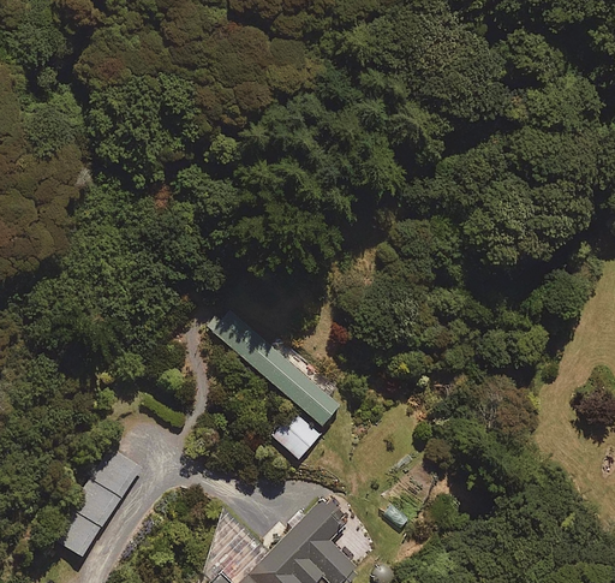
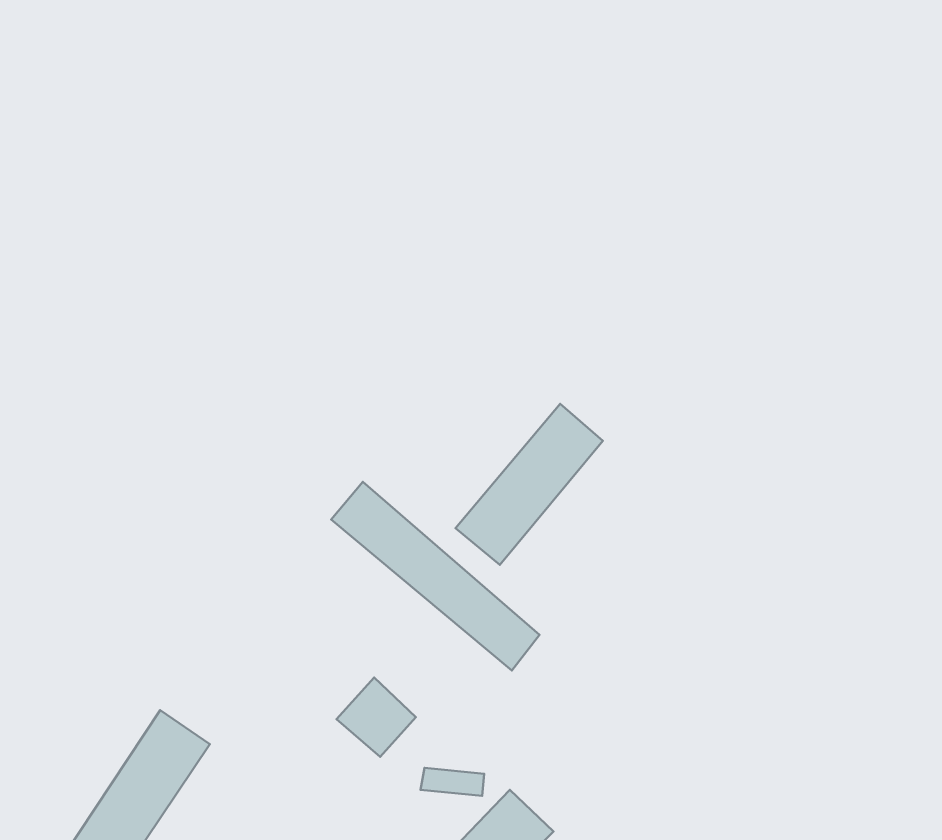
building: none -> [456,404,603,565]
building: [273,410,321,458] -> [336,677,416,757]

